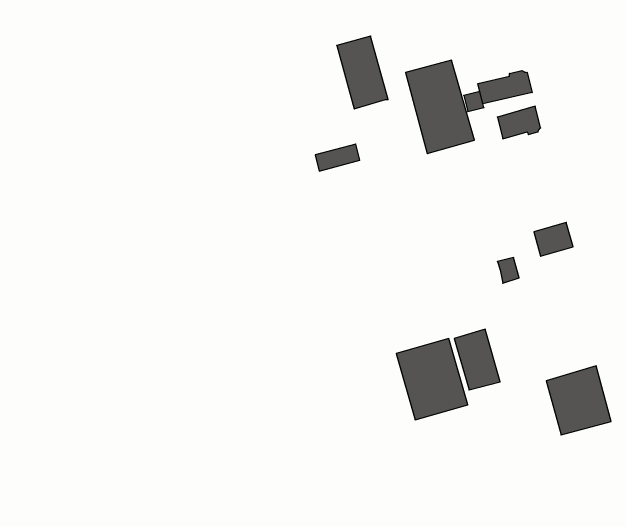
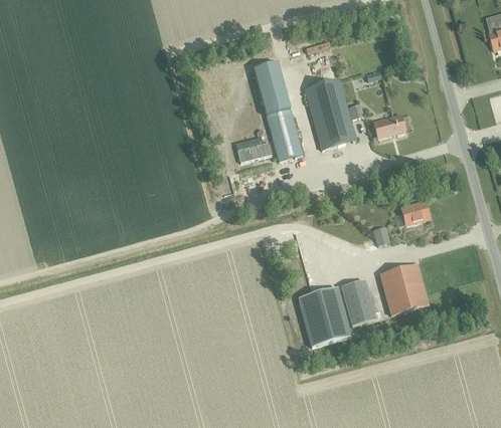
building: [478,71,532,104] -> none
building: none -> [267,109,302,161]
building: [546,366,611,435] -> [379,263,428,314]

